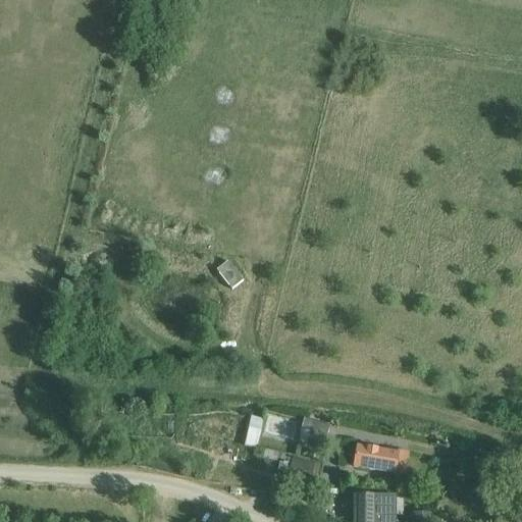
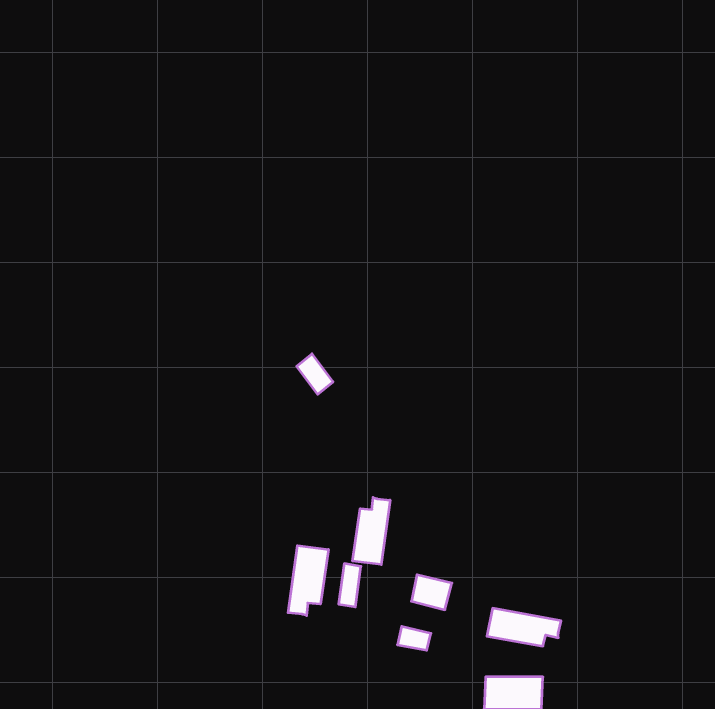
building: none -> [353,497,390,565]
building: none -> [288,546,328,616]

